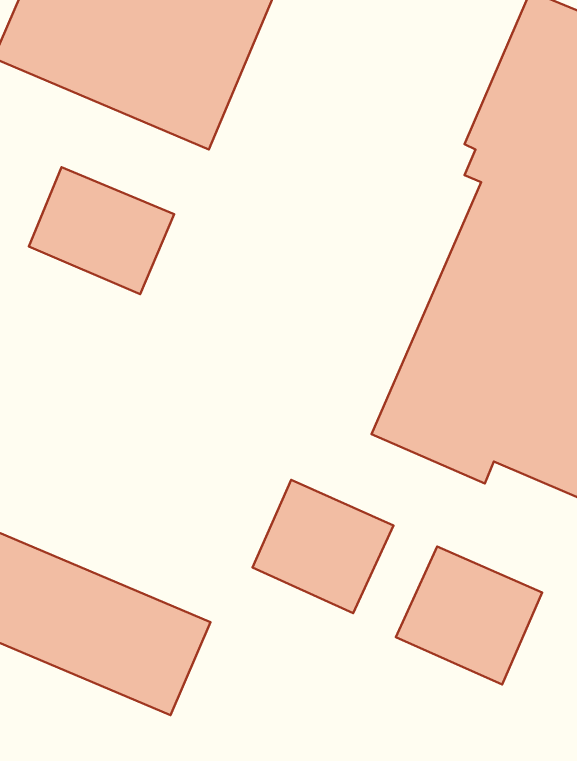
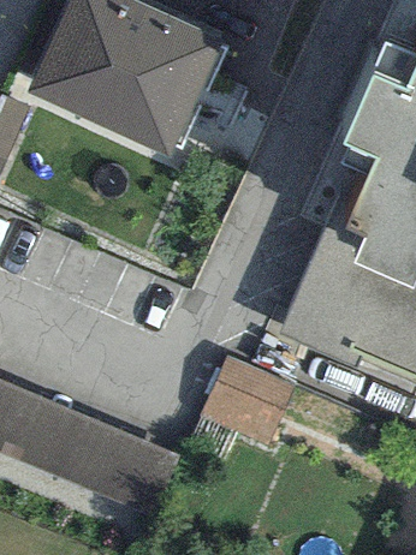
building: [29,167,174,294] -> none
building: [396,547,542,684] -> none

